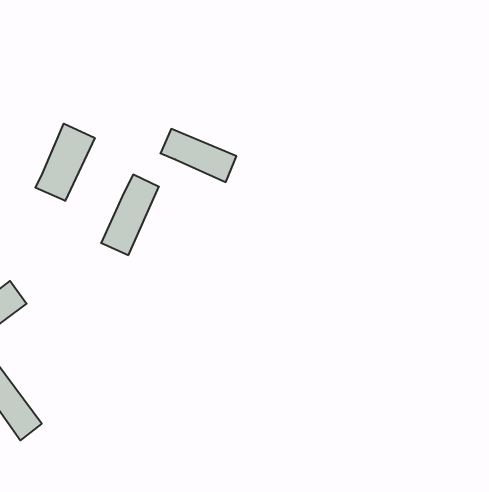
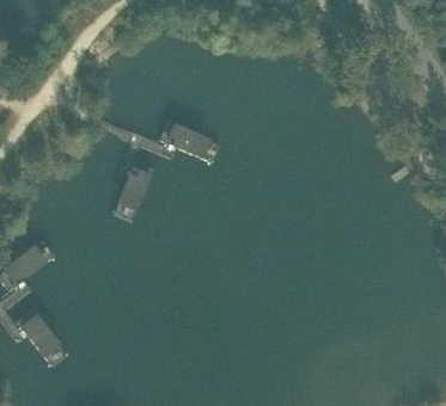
building: [35,124,95,201] -> none

